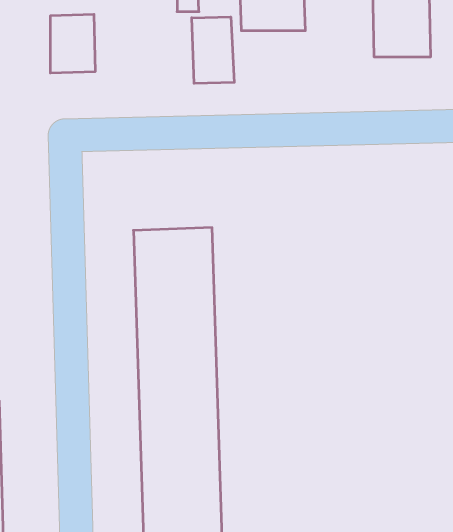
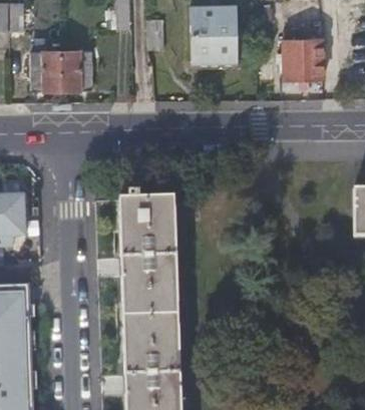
building: none -> [31,50,61,89]
building: [192,17,234,83] -> none

